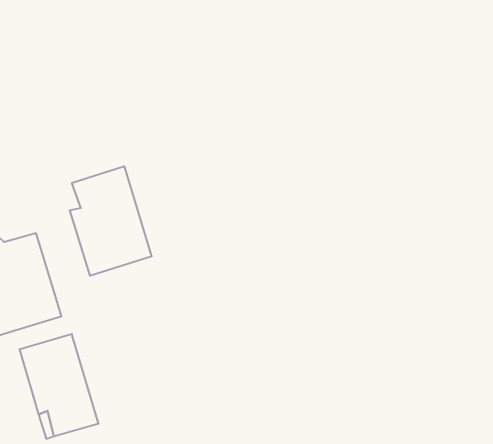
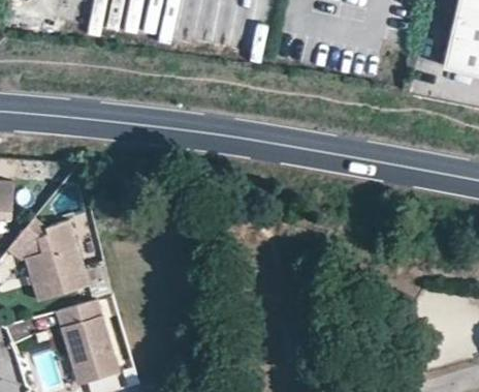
building: [70,166,152,276] -> none

